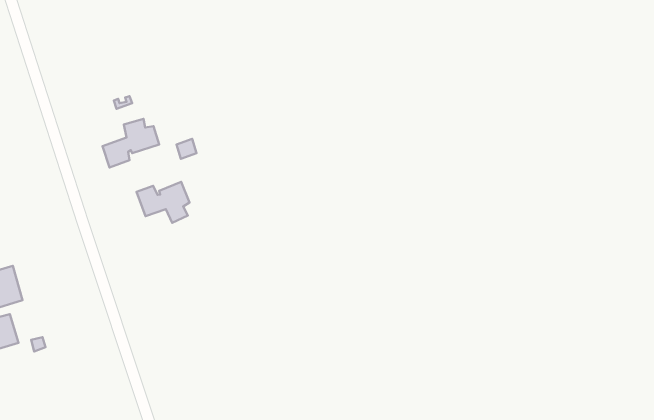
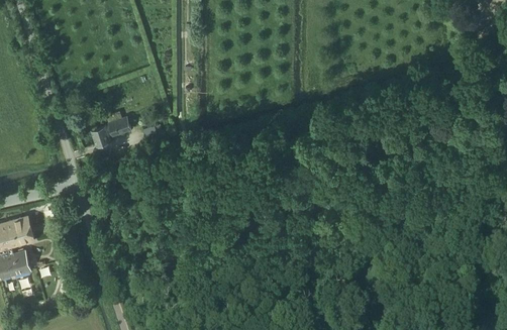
building: [136,182,189,223] -> none

